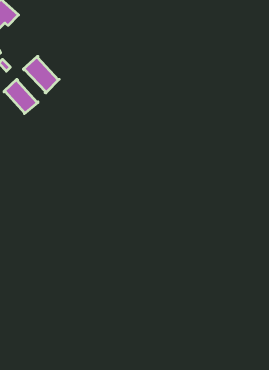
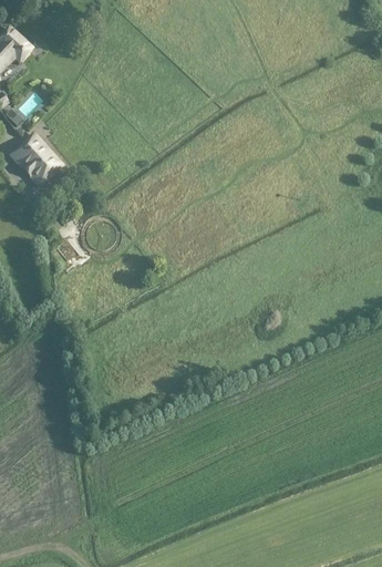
building: [23,56,59,93] -> none

